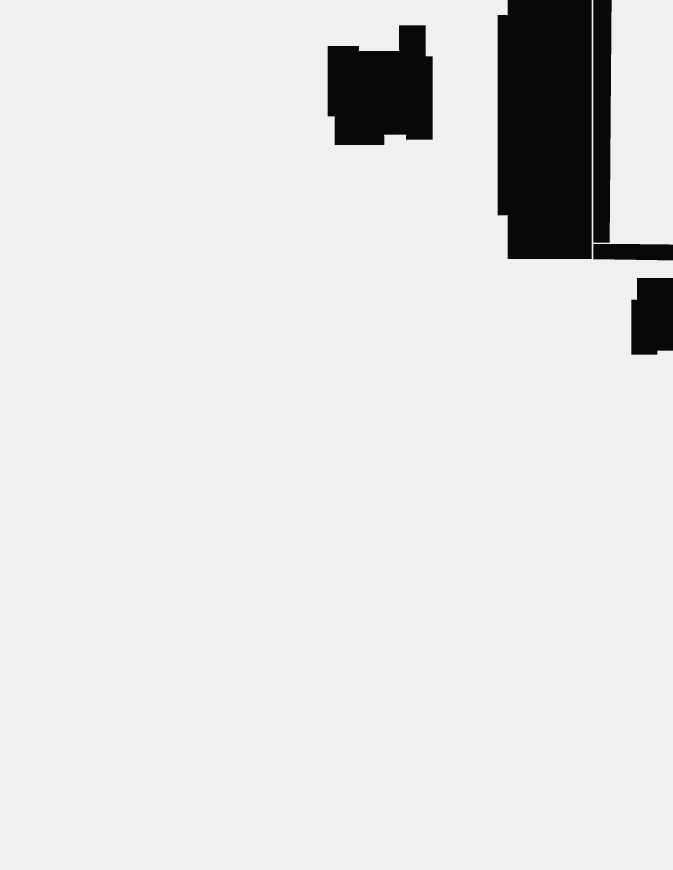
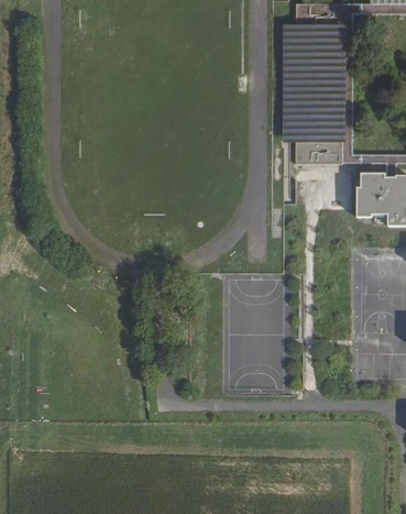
building: [327,24,433,146] -> none

